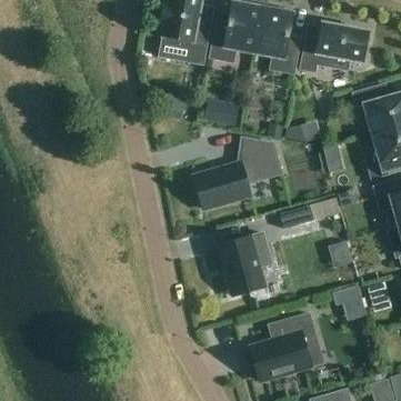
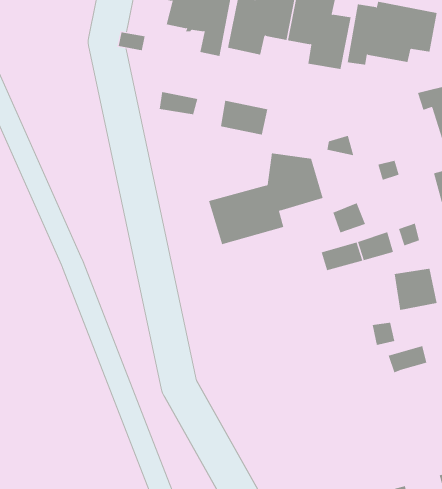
building: [219,232,272,295] -> none
building: [251,312,317,379] -> none

